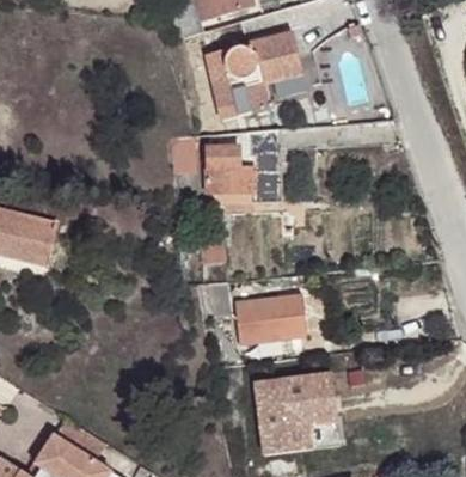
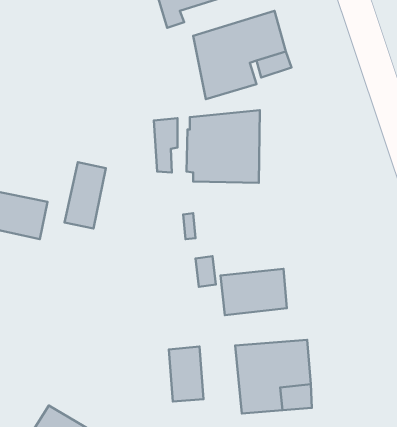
building: none -> [65,162,106,229]
building: none -> [169,346,204,401]

